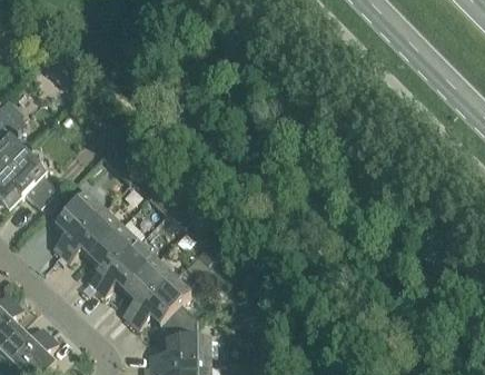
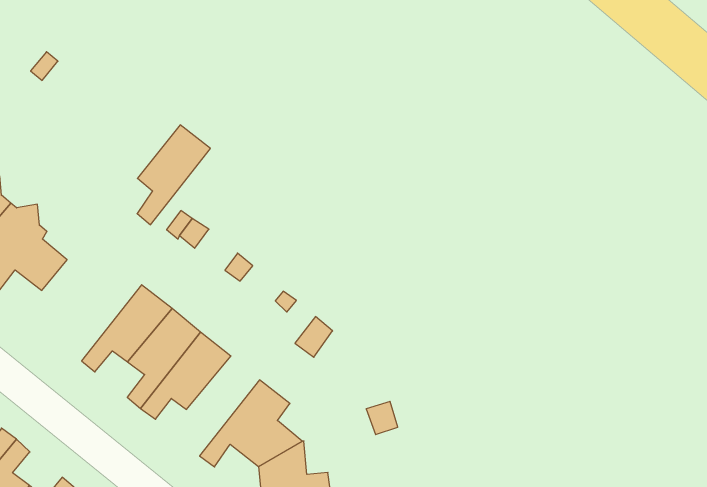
building: [52,193,102,254] -> [137,125,210,225]
building: [121,259,171,320] -> none

